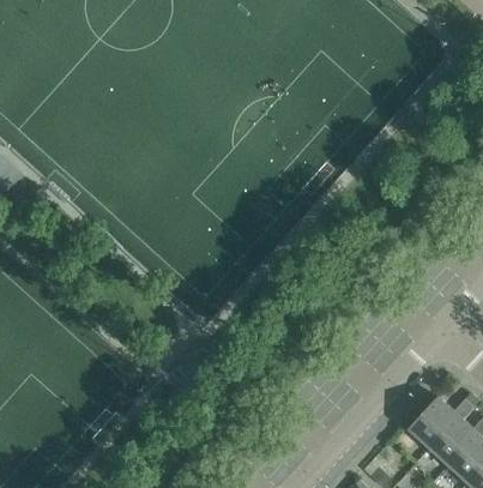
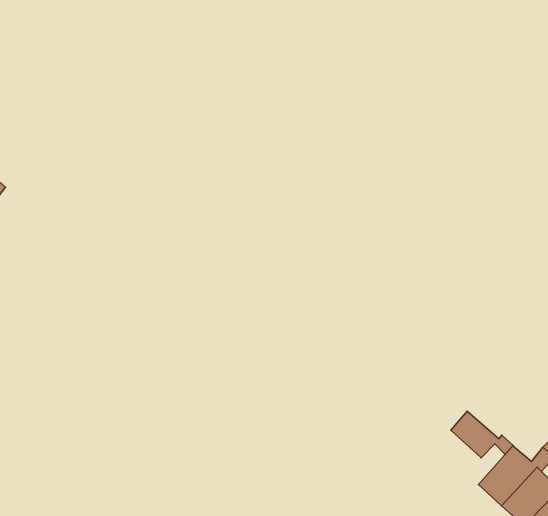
building: none -> [451,411,513,458]

